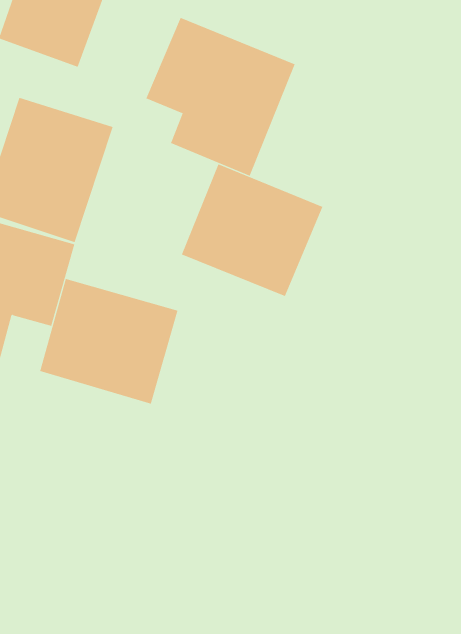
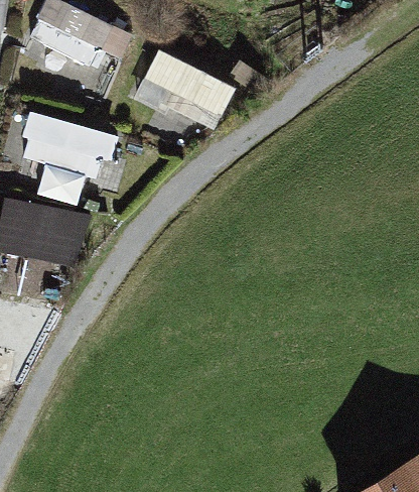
building: [181,164,323,297] -> none
building: [39,278,178,405] -> none

